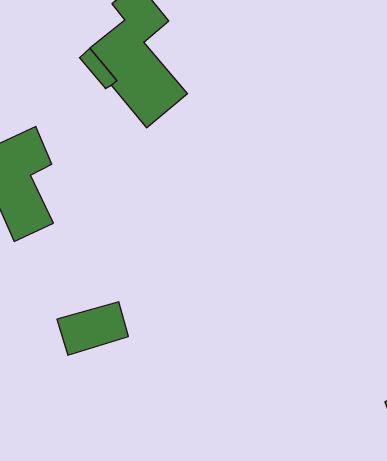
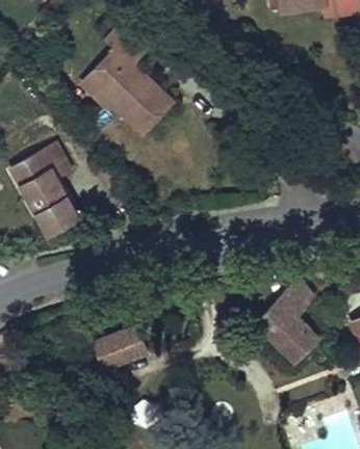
building: [57,302,128,355] -> [89,328,147,374]
building: none -> [257,278,317,360]

